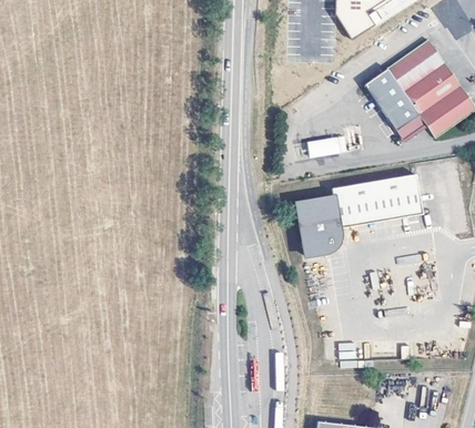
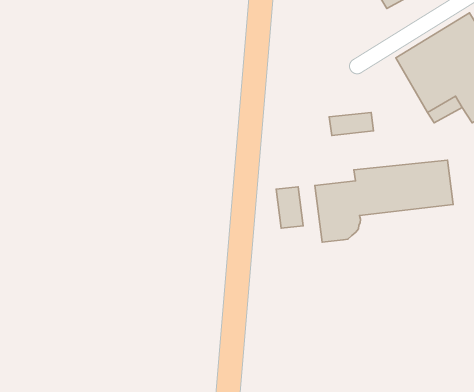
building: none -> [276,187,303,228]

